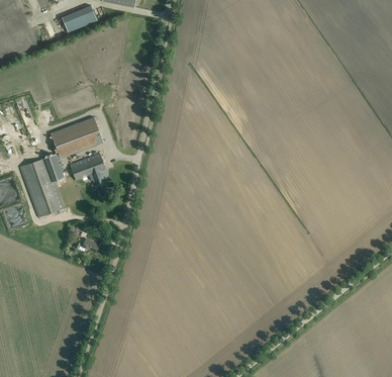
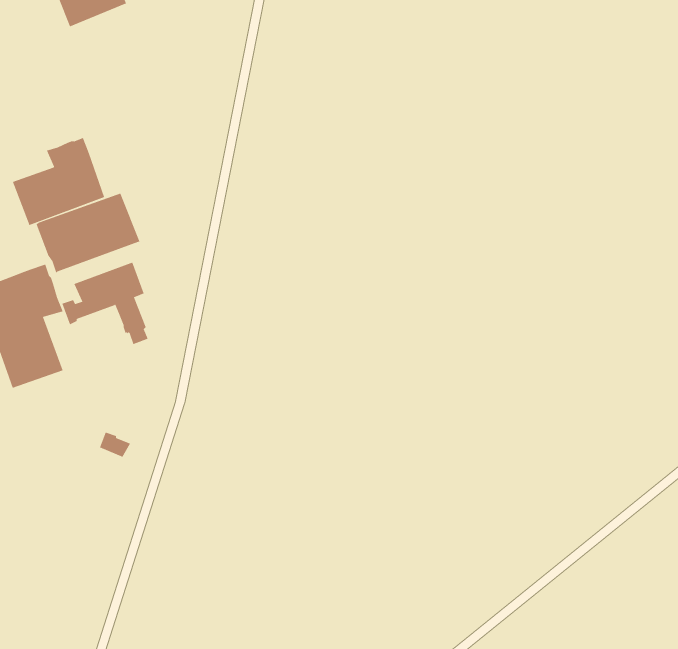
building: none -> [12,137,105,226]

